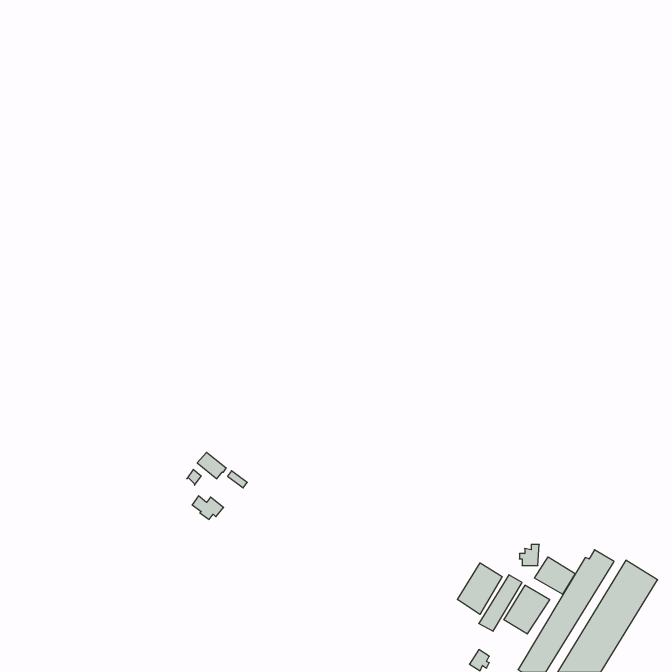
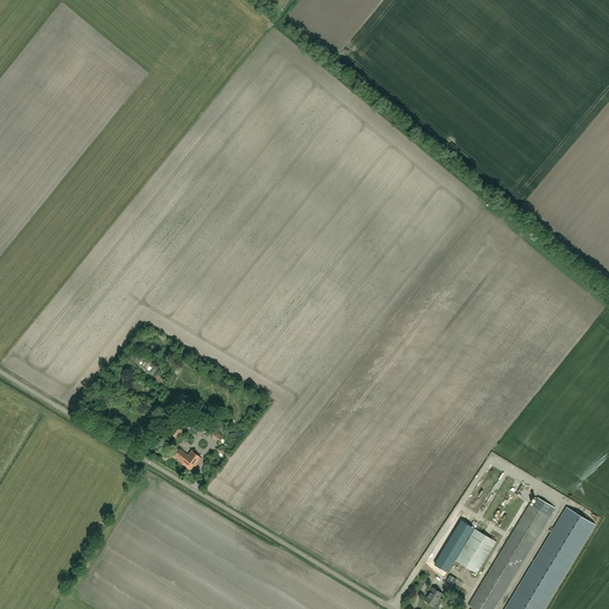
building: [534,557,575,594] -> none
building: [457,563,502,614] -> none

